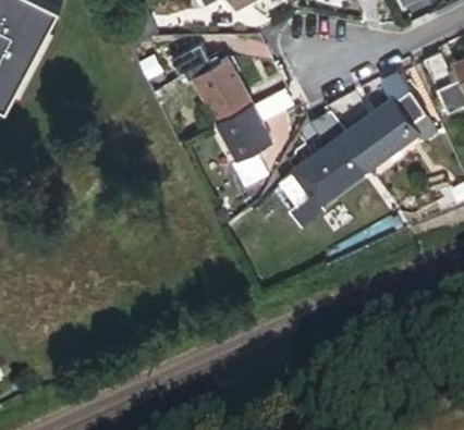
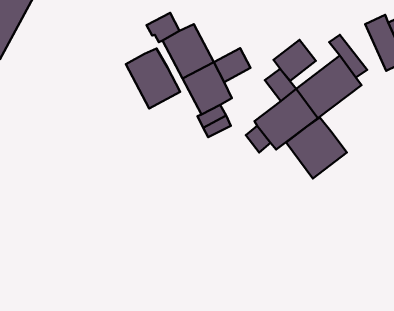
building: none -> [274,40,316,81]
building: none -> [126,48,180,109]
building: none -> [286,118,347,178]

